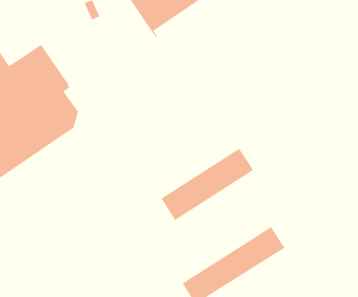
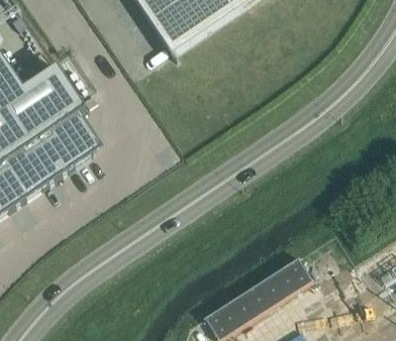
building: [160,148,254,222] -> none

